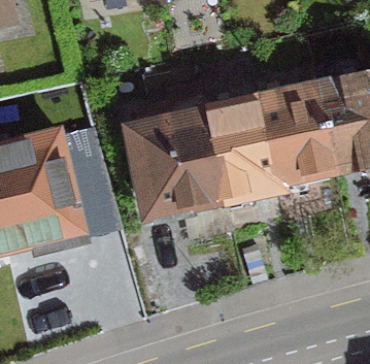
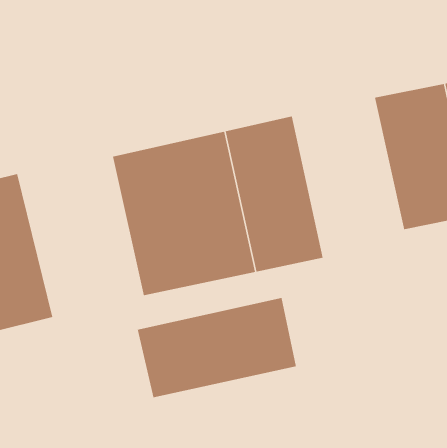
building: [253,78,334,196] -> none
building: none -> [137,297,297,398]

